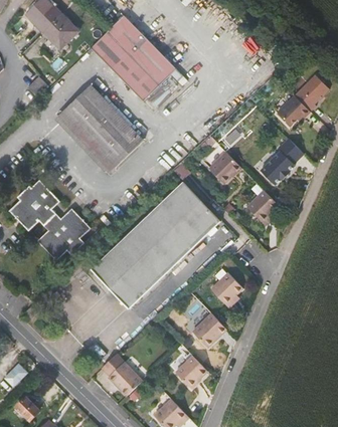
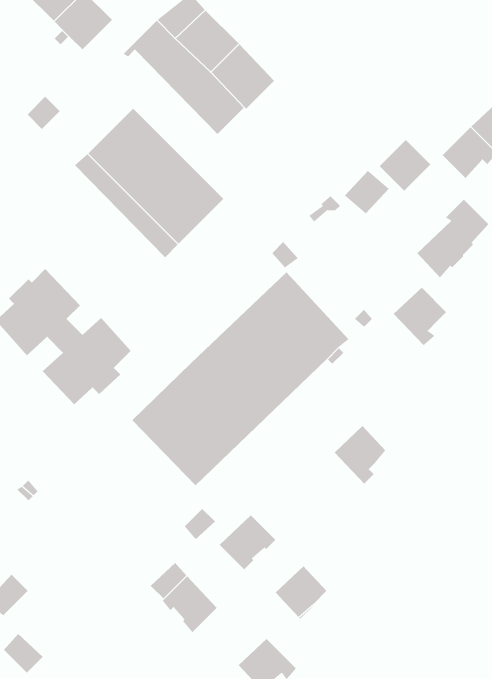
building: [208,152,239,183] -> [379,139,431,191]
building: [191,313,225,347] -> [219,514,276,570]

